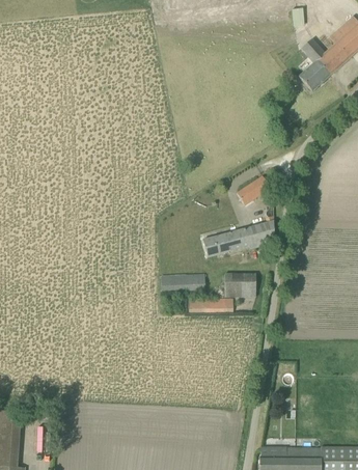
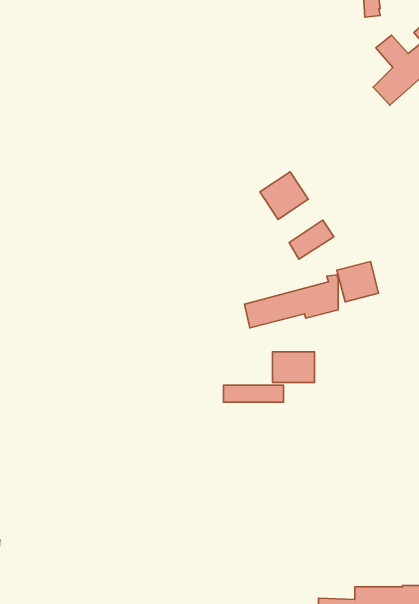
building: none -> [260,172,308,219]
building: none -> [337,261,379,302]
building: [162,272,205,291] -> none

